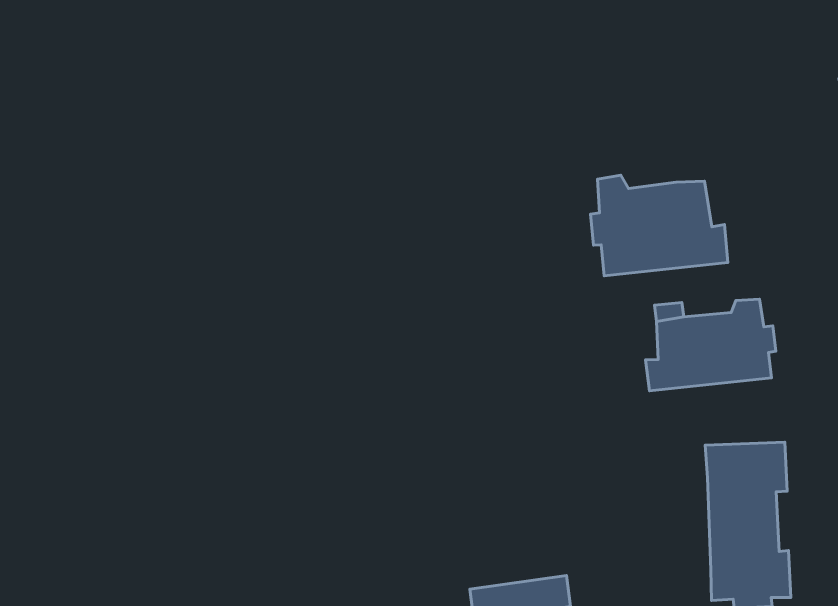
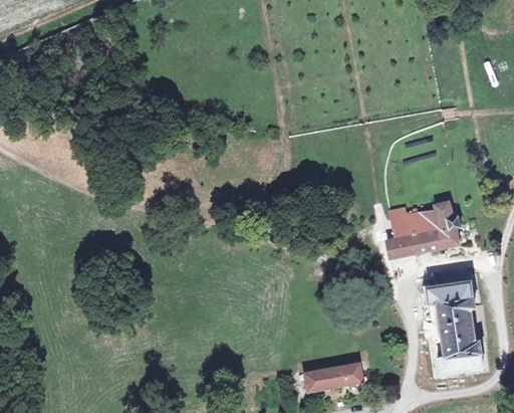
building: [590,175,728,276] -> none

